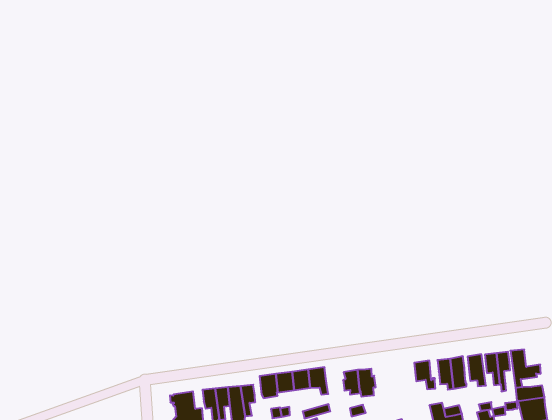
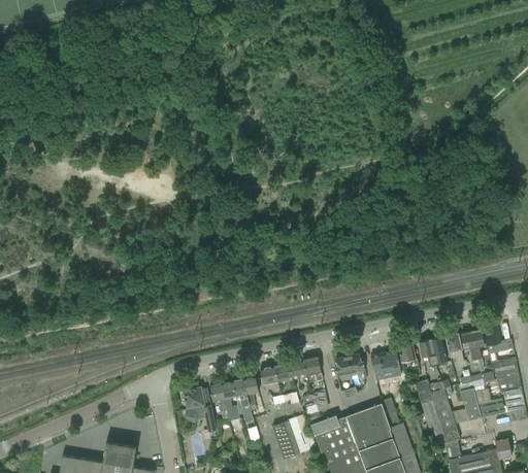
building: none -> [371,350,402,380]

